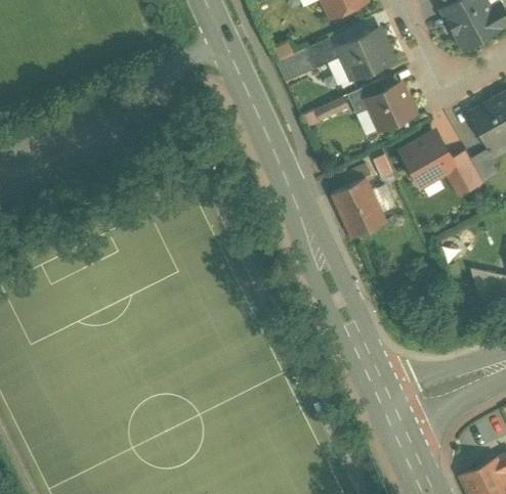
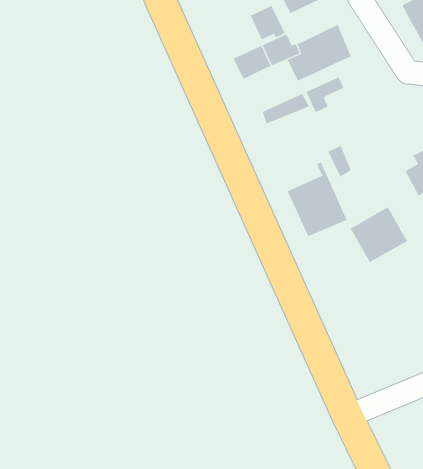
building: none -> [250,5,285,40]
building: [367,83,417,127] -> none
building: [400,131,458,186] -> [350,206,408,263]

